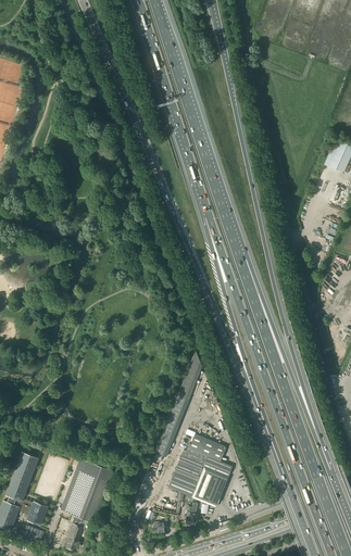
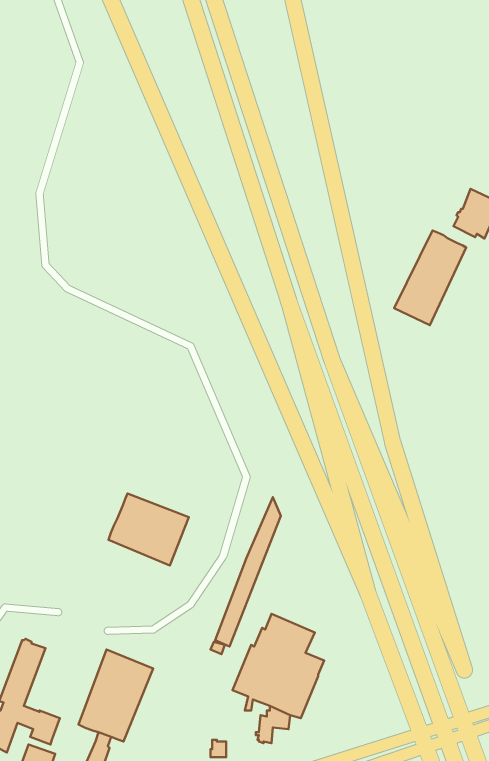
building: none -> [394,231,466,325]
building: none -> [109,493,189,566]

